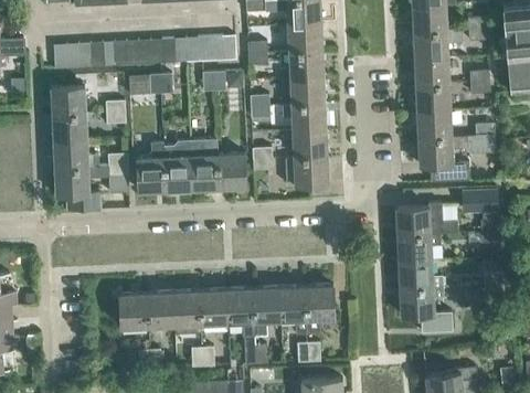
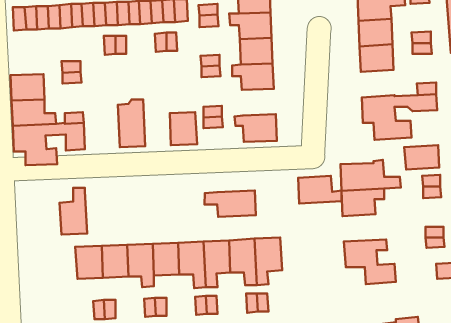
building: [51,86,86,115] -> none
building: [416,109,452,138] -> none
building: [293,129,328,157] -> none
building: [190,139,219,189] -> none
building: [137,142,166,191] -> [59,188,87,235]
building: none -> [204,190,256,217]
building: [398,259,443,288] -> [298,176,342,203]

